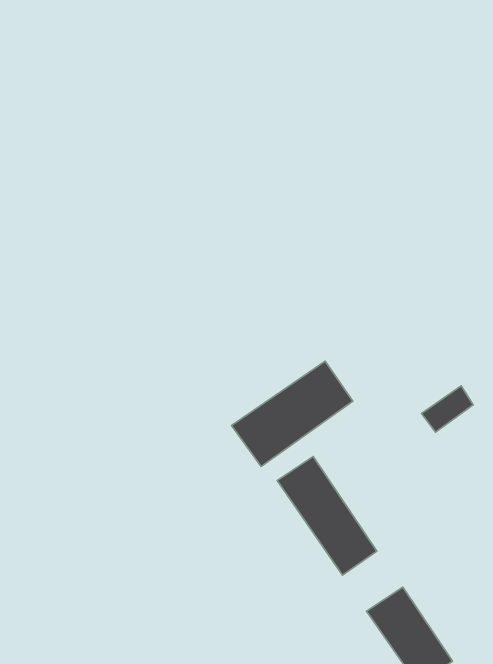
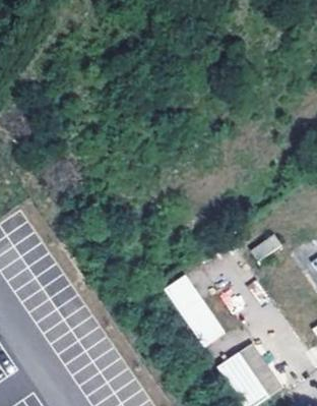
building: [232,361,353,467] -> none

